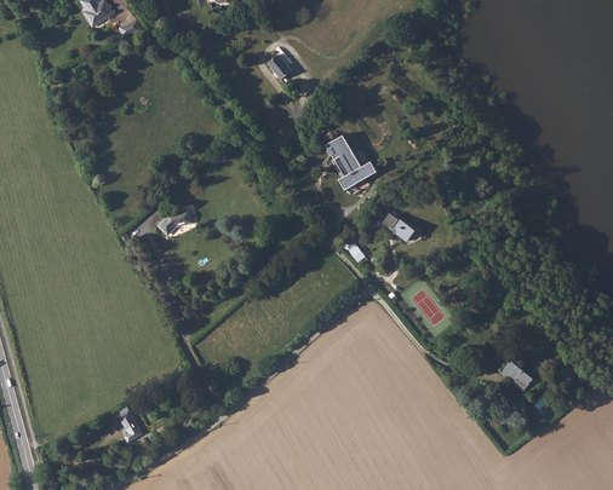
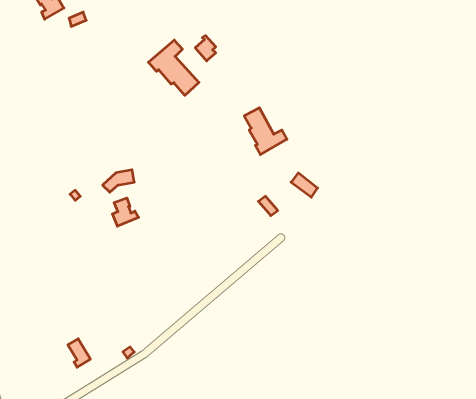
building: none -> [148,40,199,95]
building: none -> [112,198,139,226]
building: [500,359,535,392] -> none

